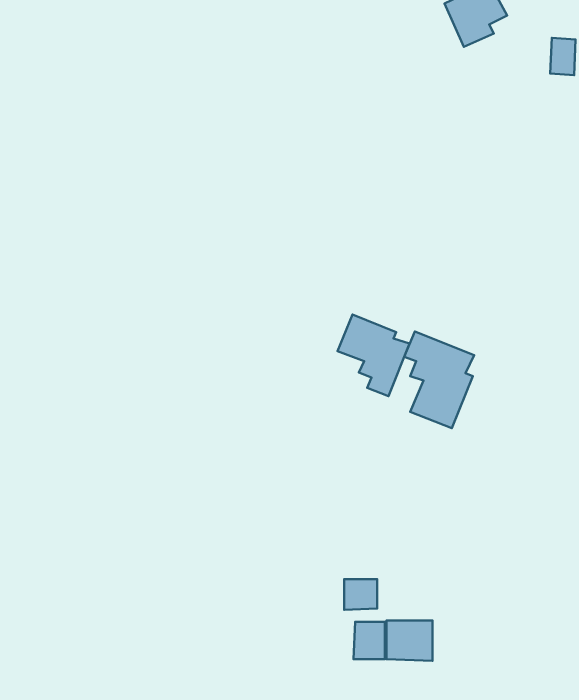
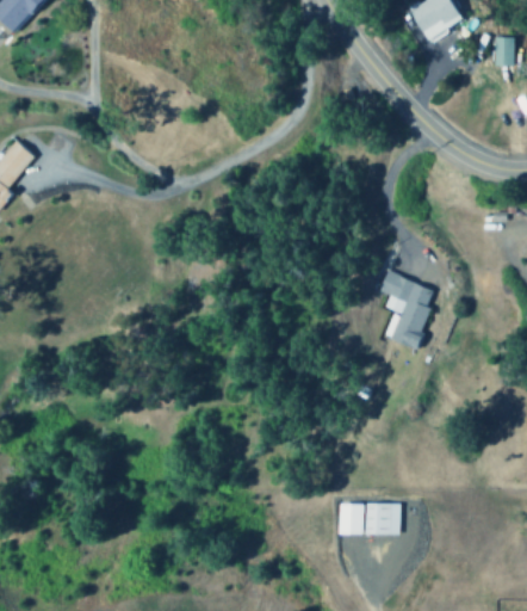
building: [337,315,410,396] -> none
building: [344,579,377,610] -> none

